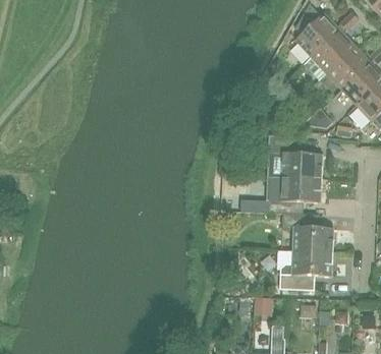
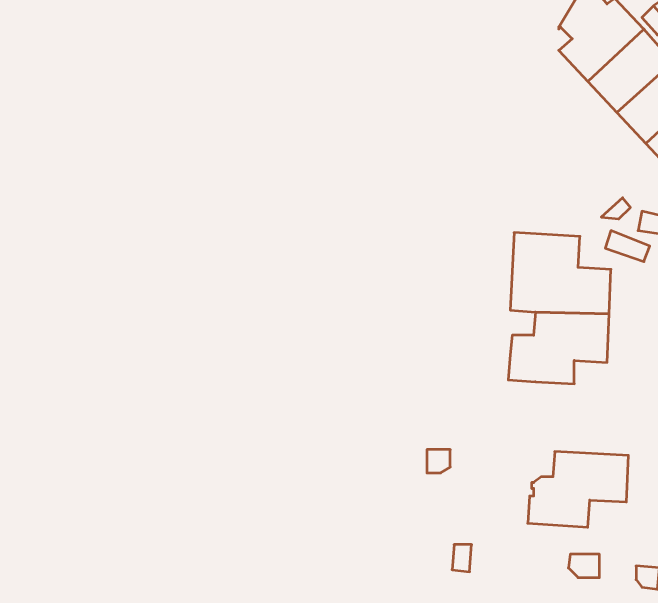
building: [281,214,333,252] -> none

